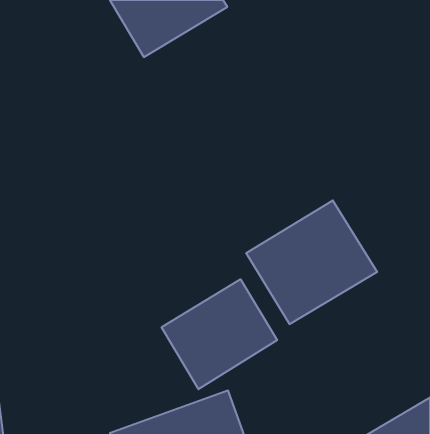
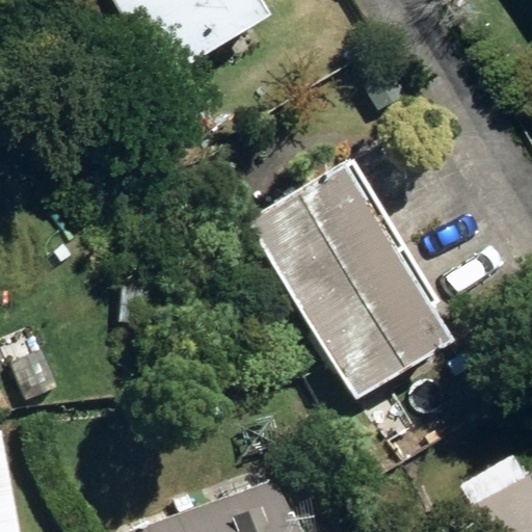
building: none -> [246,158,406,311]
building: [162,279,277,389] -> none

